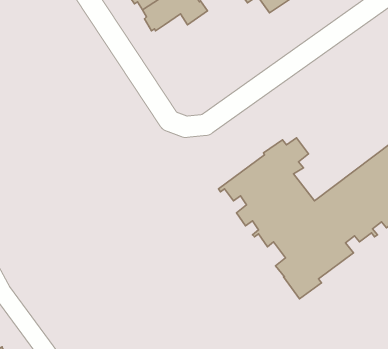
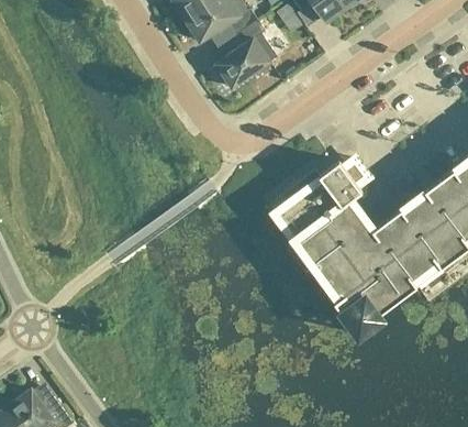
building: none -> [213,20,277,88]

